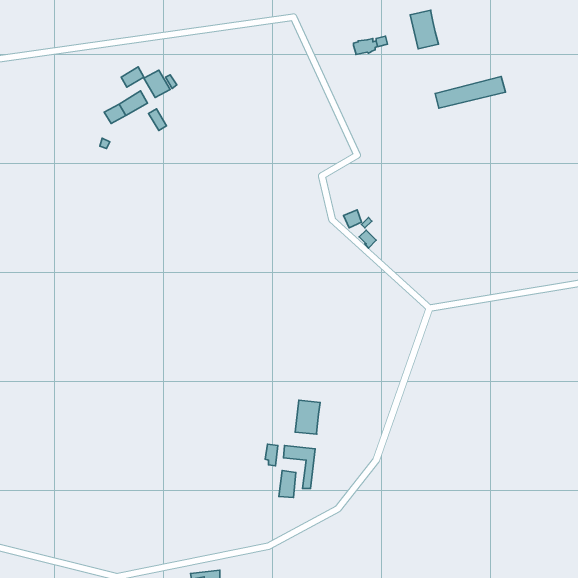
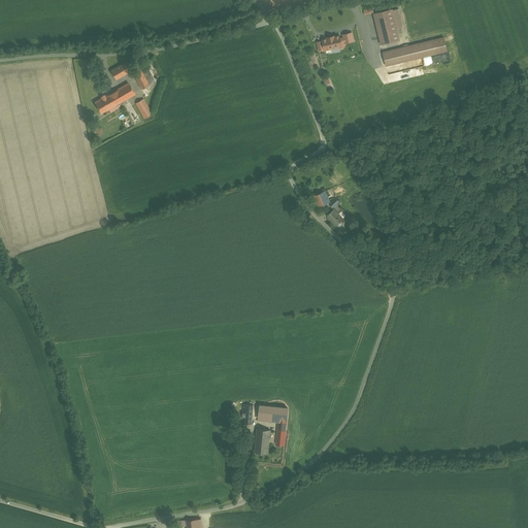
building: [435,76,506,108] -> [383,38,447,67]
building: [295,400,320,434] -> none

